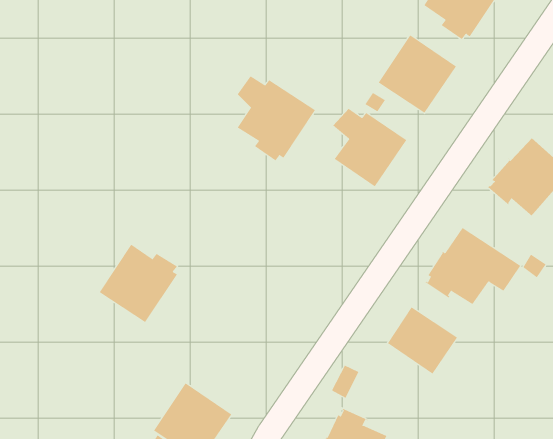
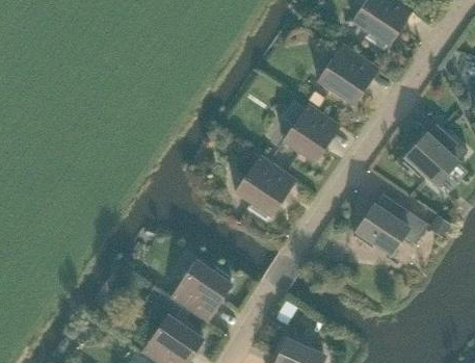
building: [237,75,316,161] -> [235,152,296,218]
building: [99,244,178,323] -> [170,260,232,321]
building: [387,307,458,374] -> none

